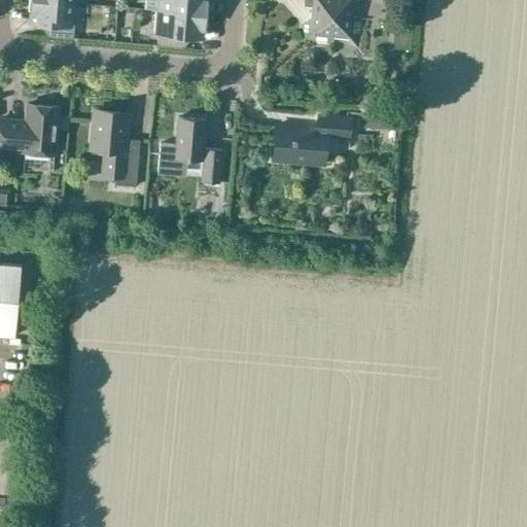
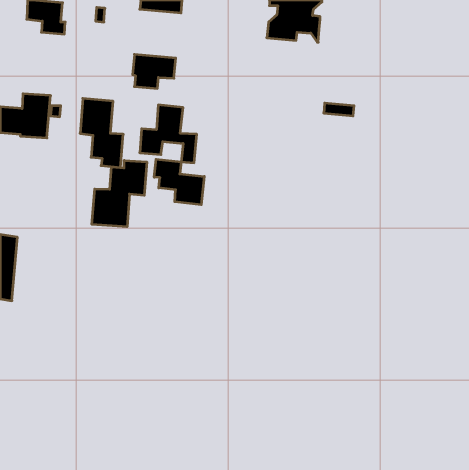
building: [155,10,204,48] -> [133,54,176,88]
building: [273,115,350,165] -> none
building: none -> [154,159,204,205]
building: none -> [92,160,147,227]

